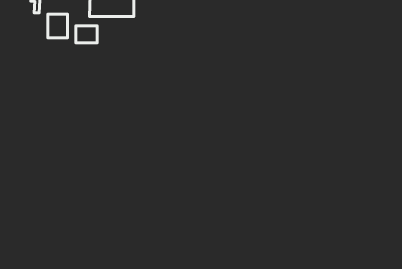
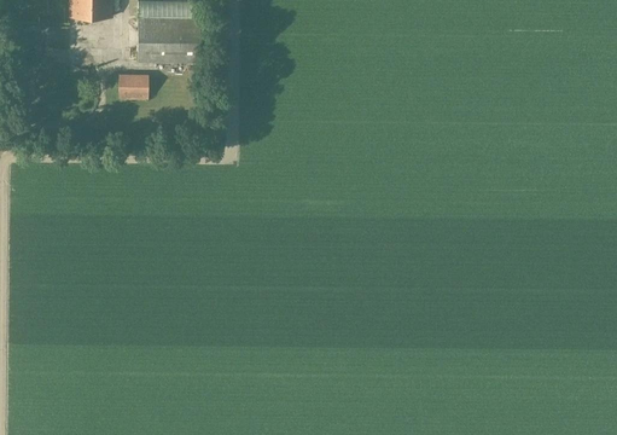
building: [48,14,67,38] -> none

